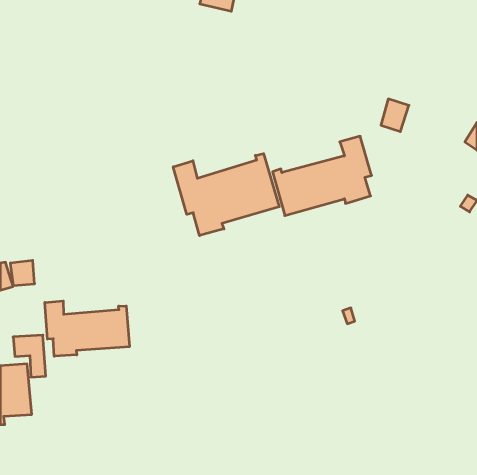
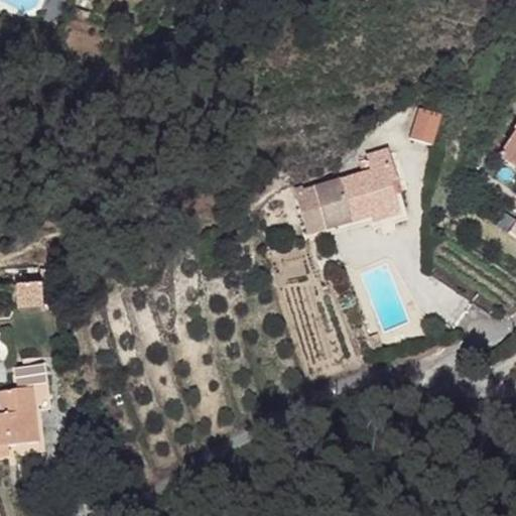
building: [173,154,279,236] -> none
building: [45,301,129,356] -> none

